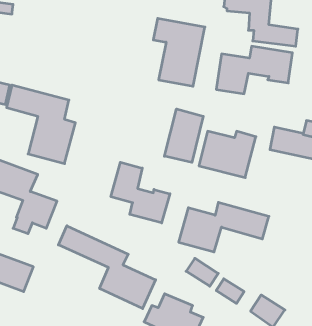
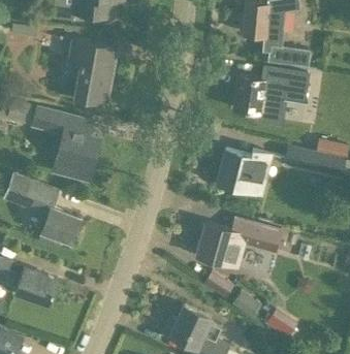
building: [153,18,205,86] -> [68,39,118,104]
building: [164,109,203,162] -> none
building: [111,162,170,223] -> none
building: [58,226,156,309] -> none

